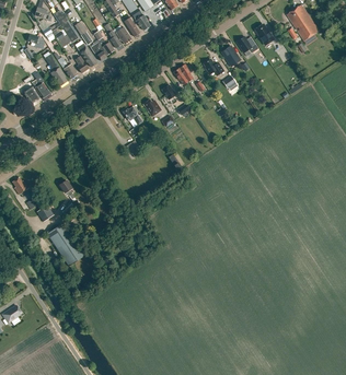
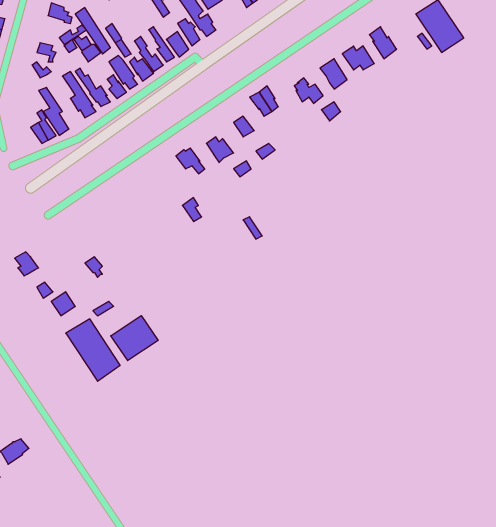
building: none -> [111,316,158,361]

